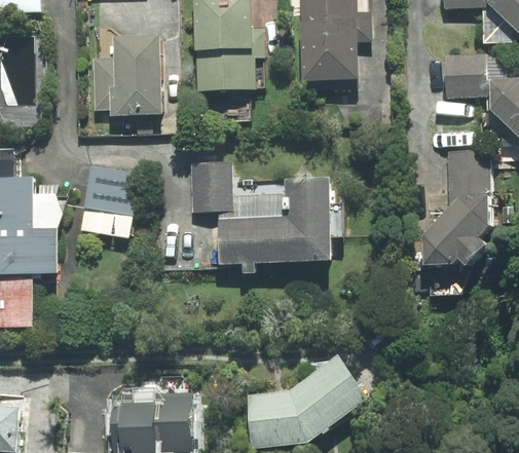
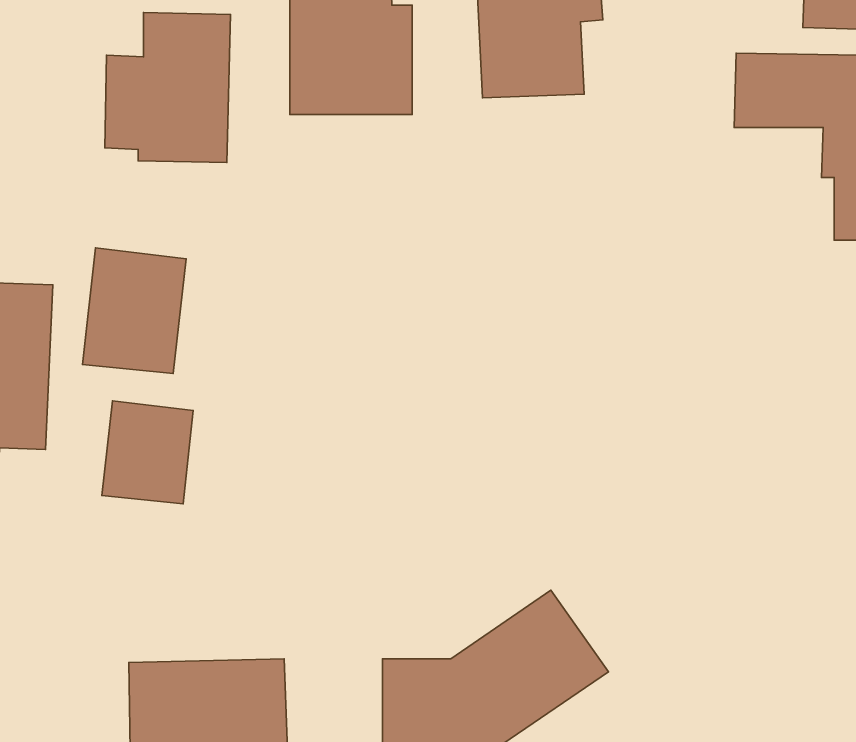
building: [412,149,492,284] -> none
building: [187,158,345,273] -> none
building: none -> [102,401,193,504]

